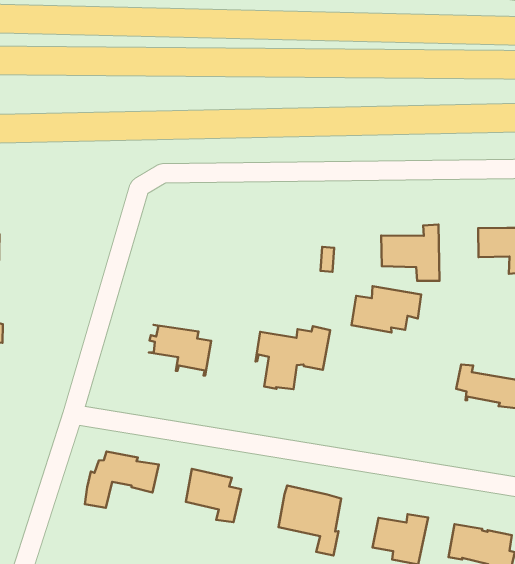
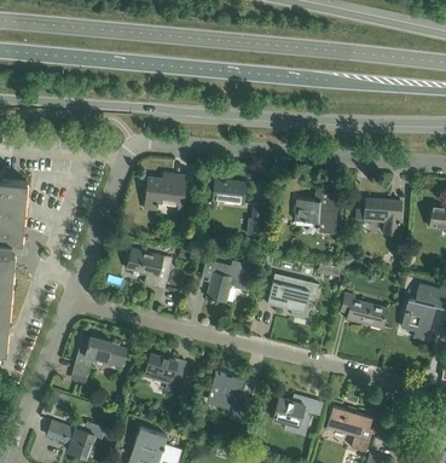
building: none -> [144,174,186,213]
building: none -> [213,179,245,203]
building: [352,286,421,333] -> [267,276,318,309]

